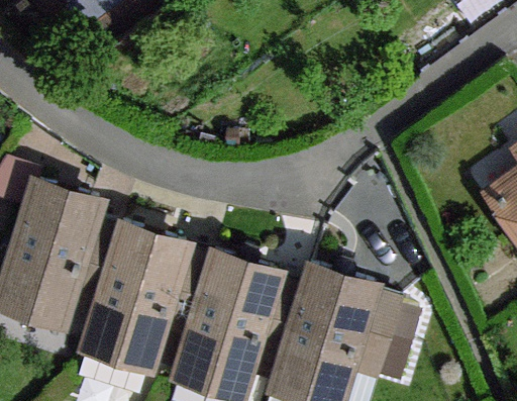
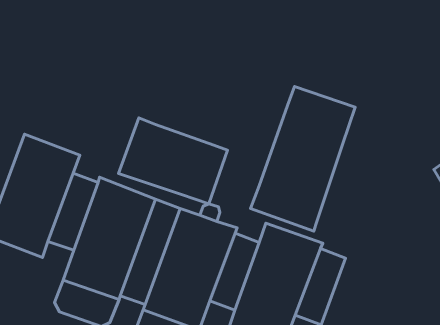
building: none -> [251,87,355,231]
building: none -> [119,118,227,204]

